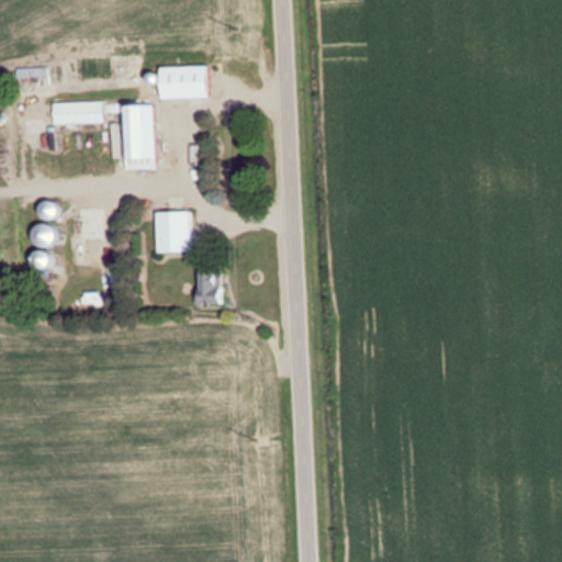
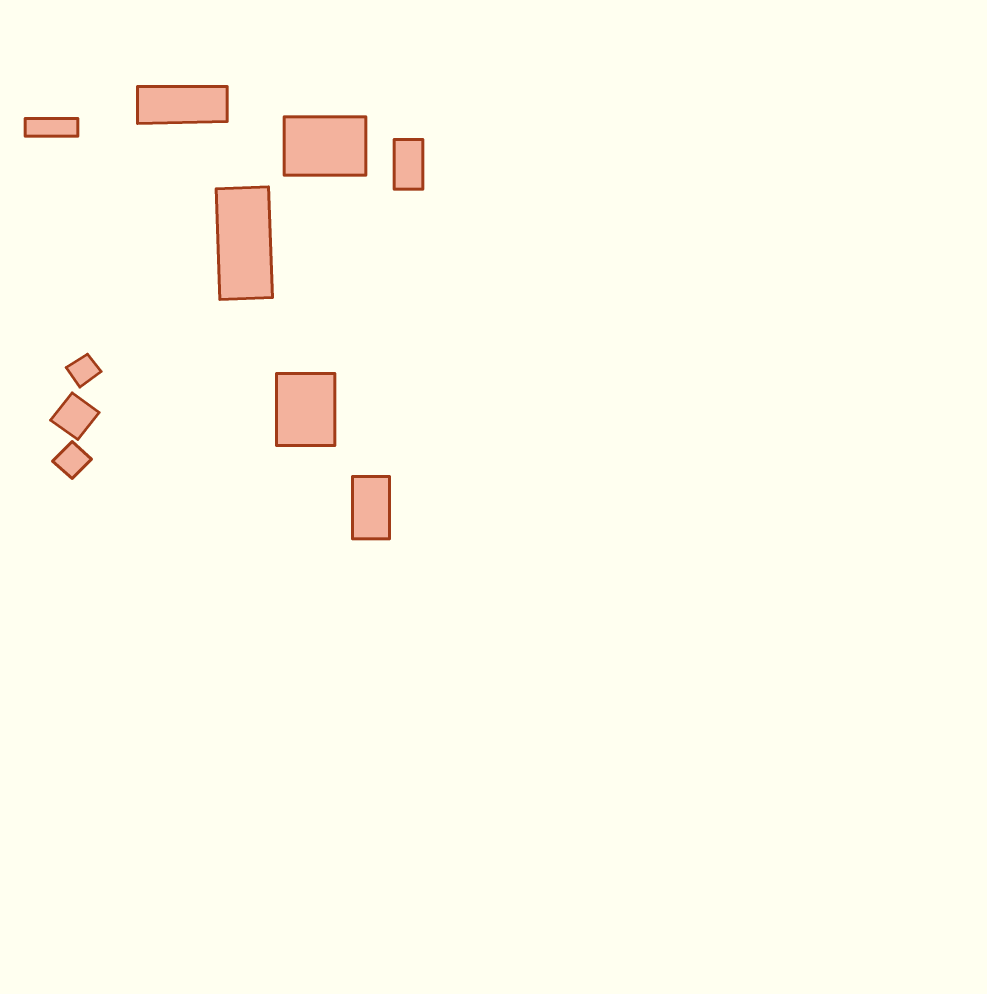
building: none -> [394,140,423,189]
building: [52,102,102,123] -> [137,86,227,123]

